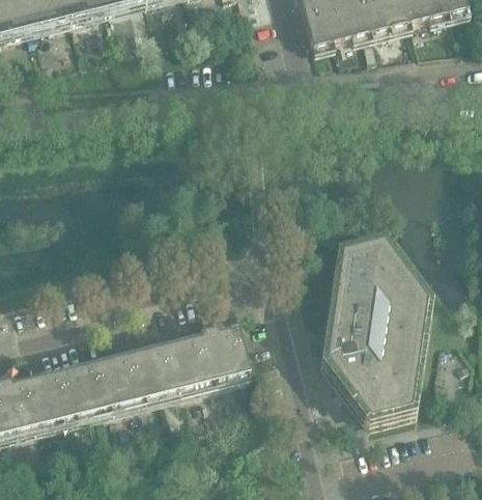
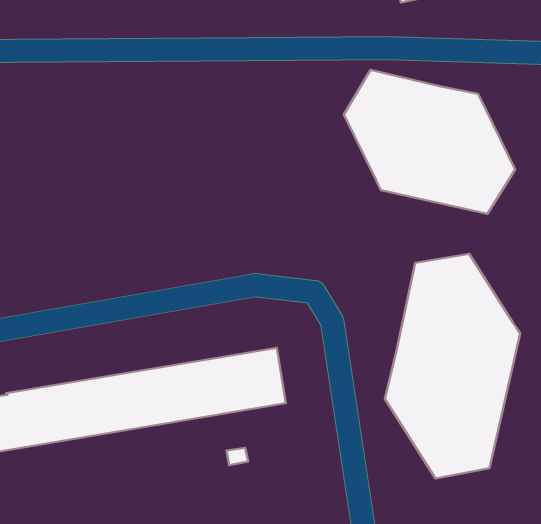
building: none -> [344,70,515,214]

